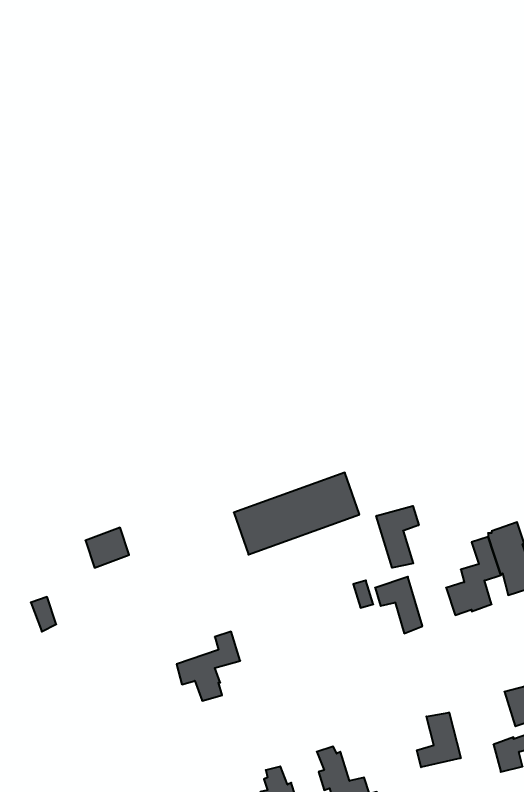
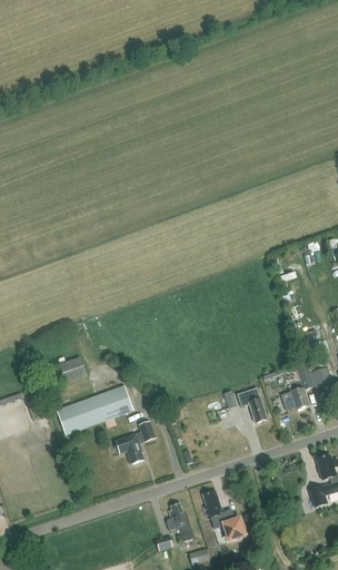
building: [234,473,359,555] -> [56,385,132,435]
building: [376,506,419,568] -> none
building: [417,712,461,767] -> none

